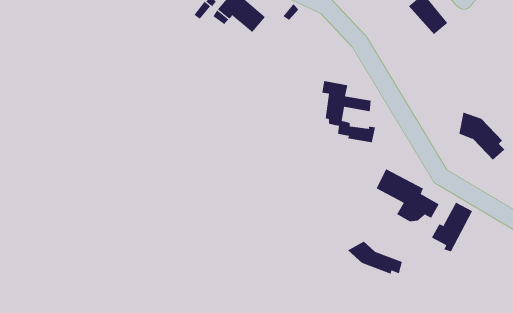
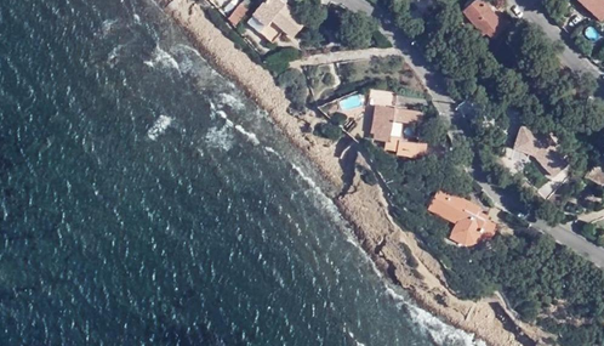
building: [431,202,473,252] -> none
building: [347,241,403,275] -> none

